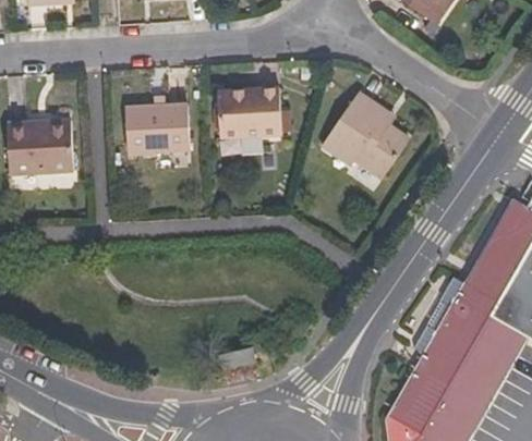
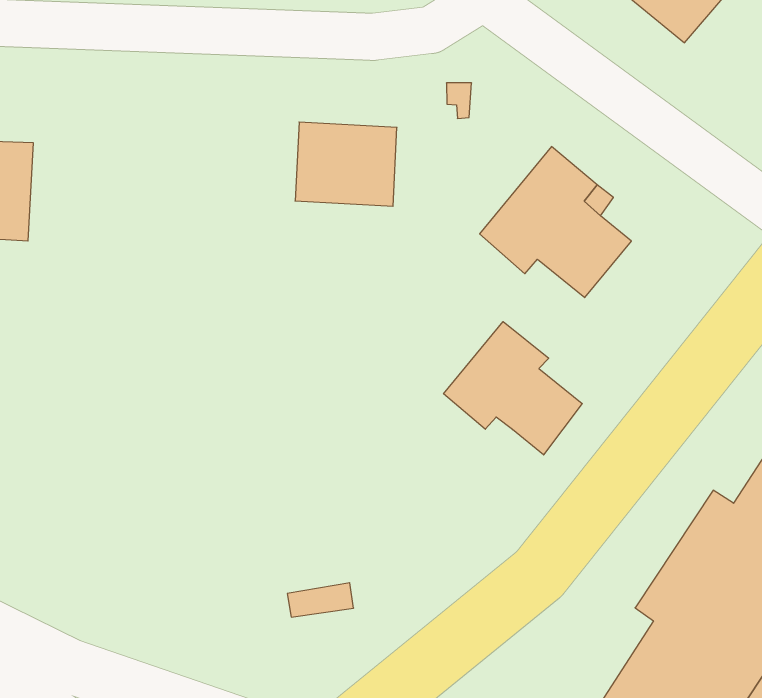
building: [121,103,184,149] -> none
building: none -> [444,322,582,455]

